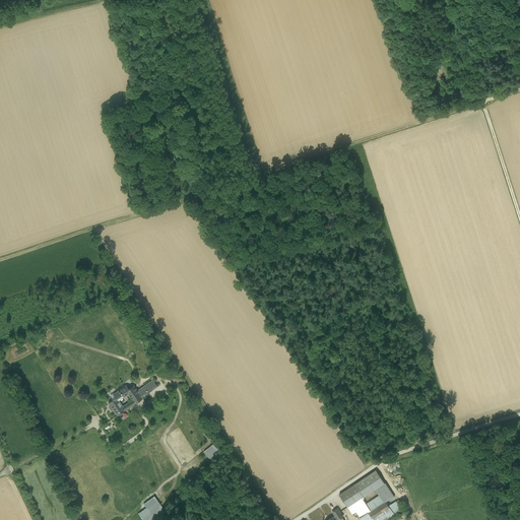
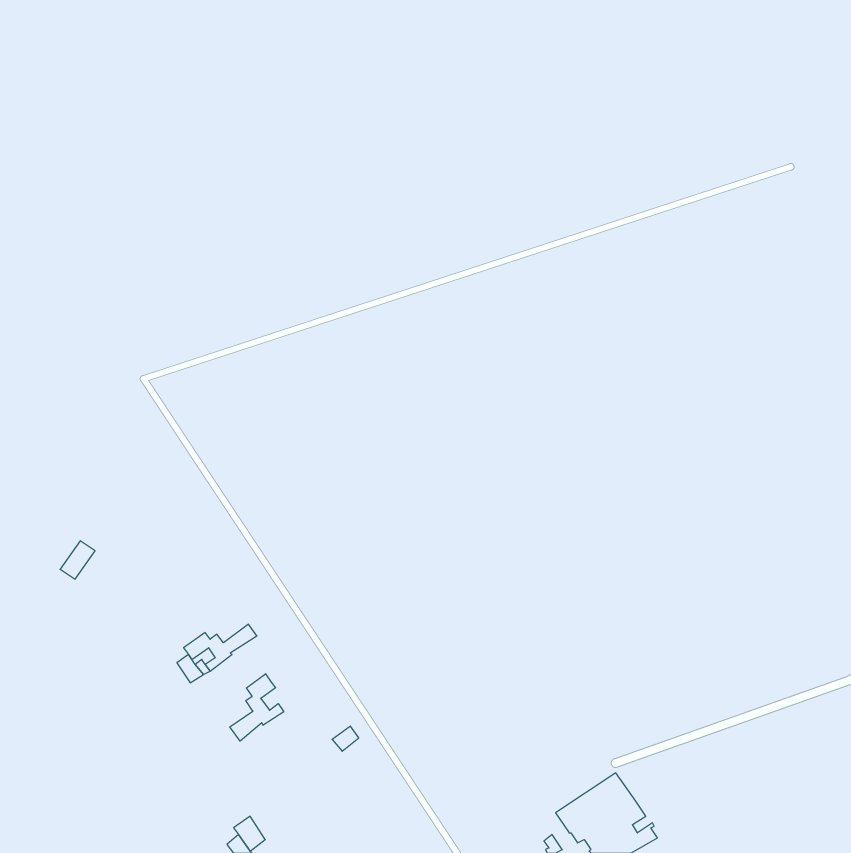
building: none -> [230,674,284,741]

